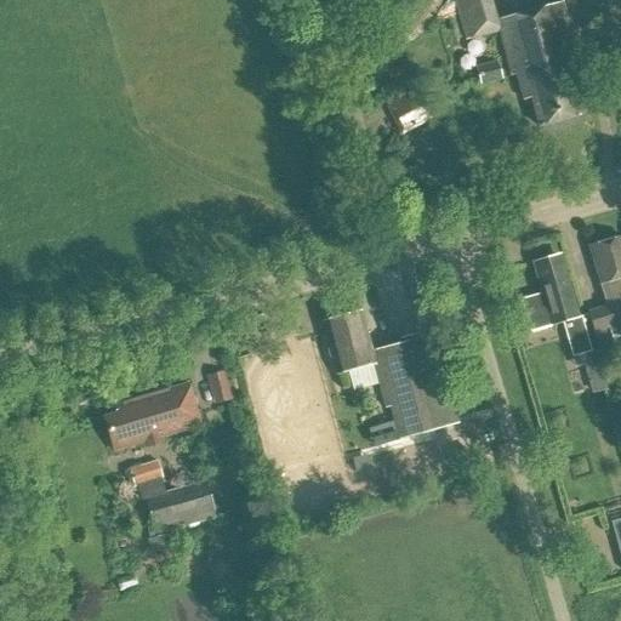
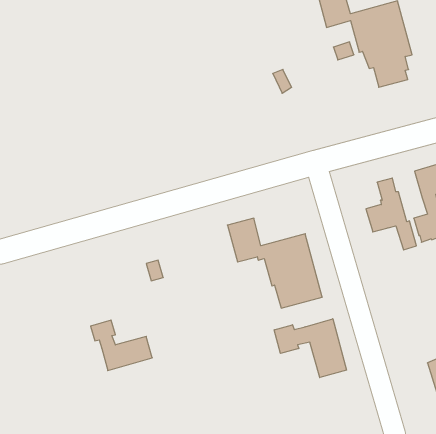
building: [106,382,201,446] -> none
building: none -> [274,319,347,378]

